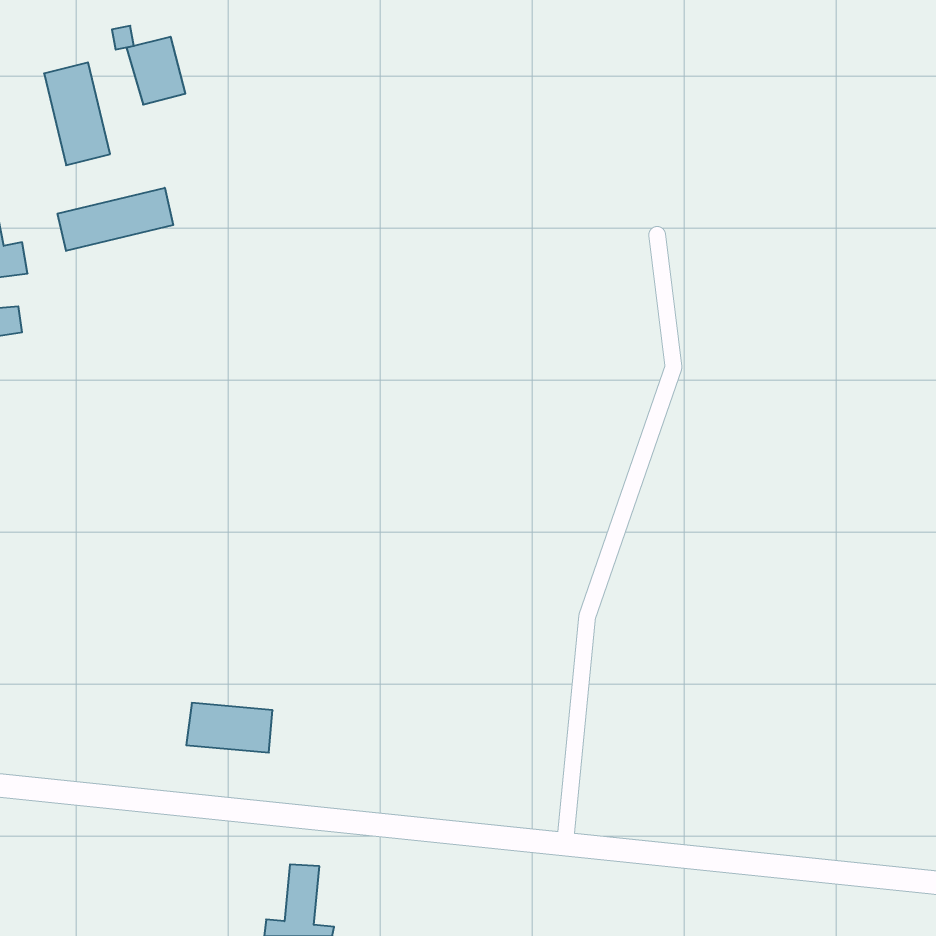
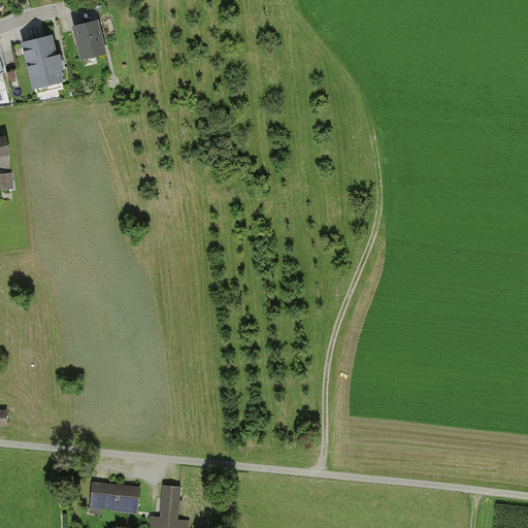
building: [58,188,173,251] -> none
building: [186,703,273,753] -> [90,484,138,512]

